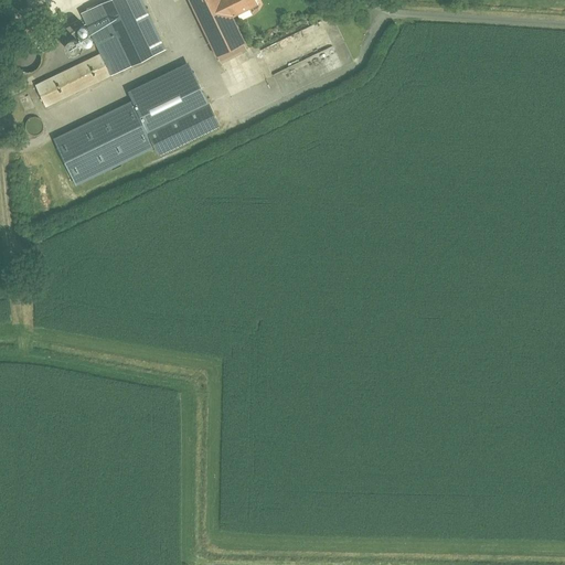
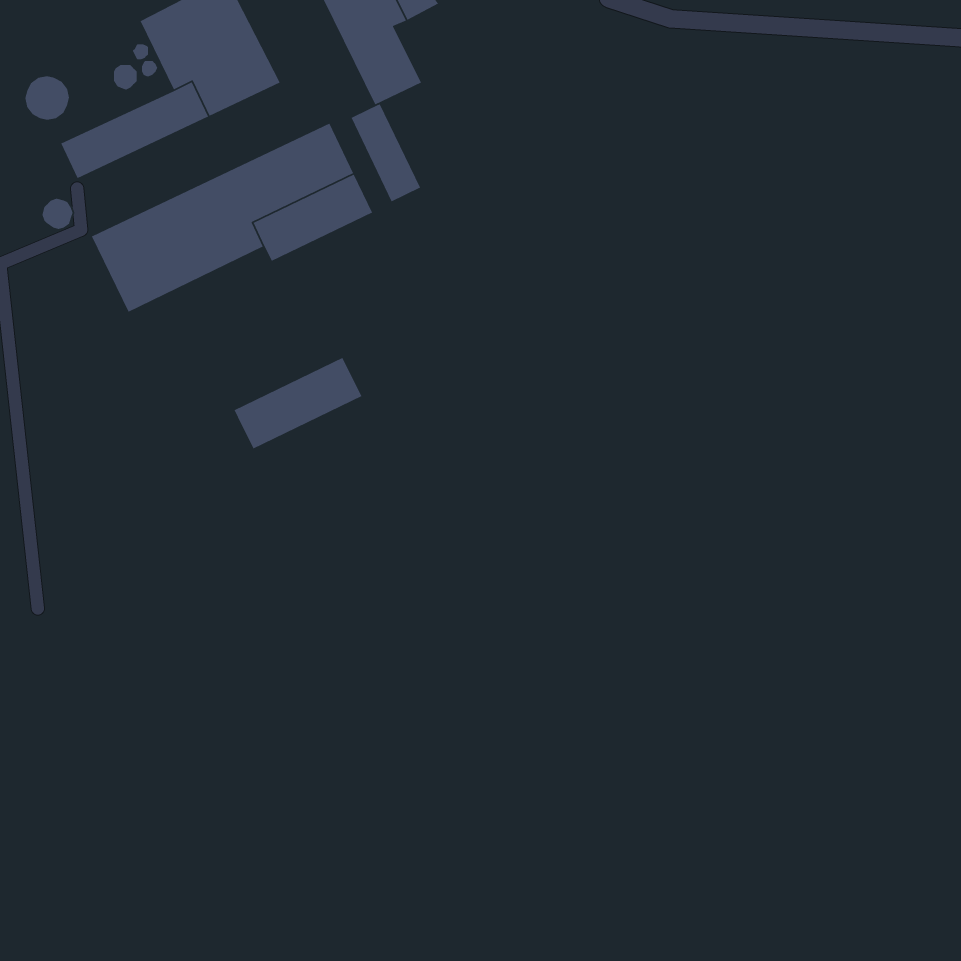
building: none -> [350,103,421,202]
building: none -> [234,357,362,450]

